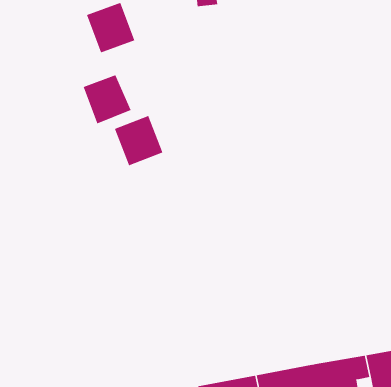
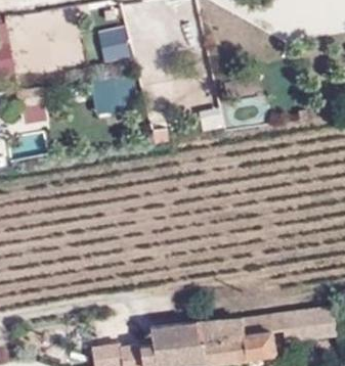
building: [114,115,163,166] -> none

